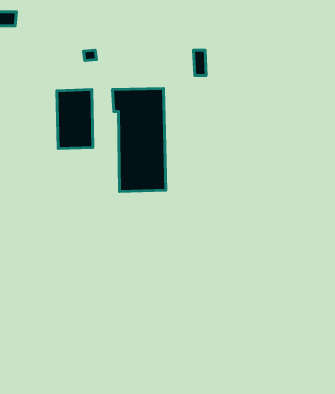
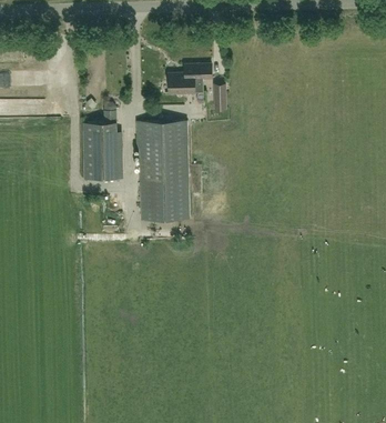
building: none -> [169,64,212,93]

